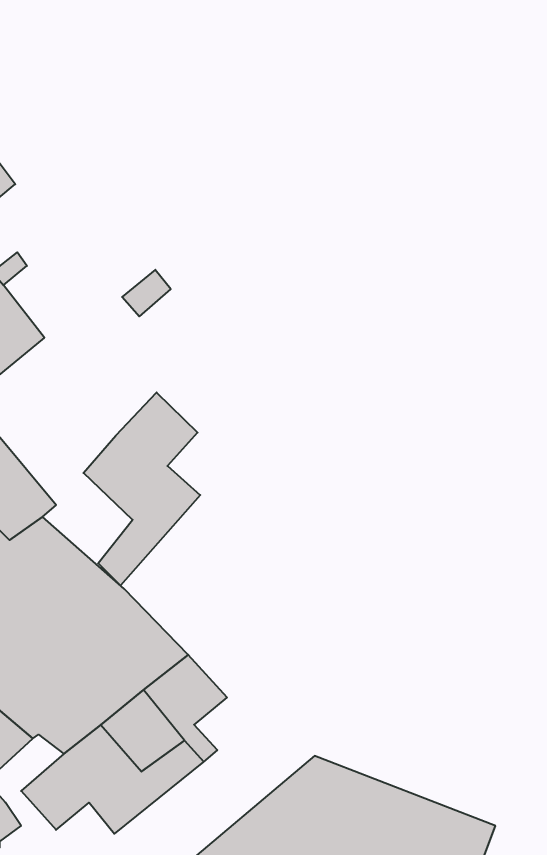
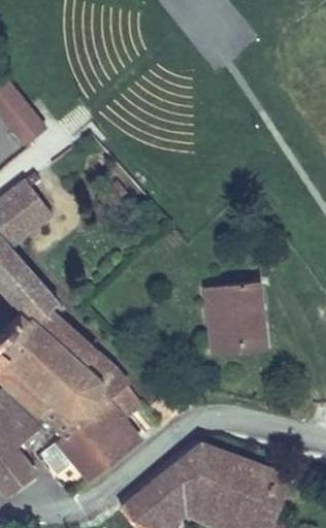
building: [83,392,200,586] -> none
building: none -> [200,284,269,354]

